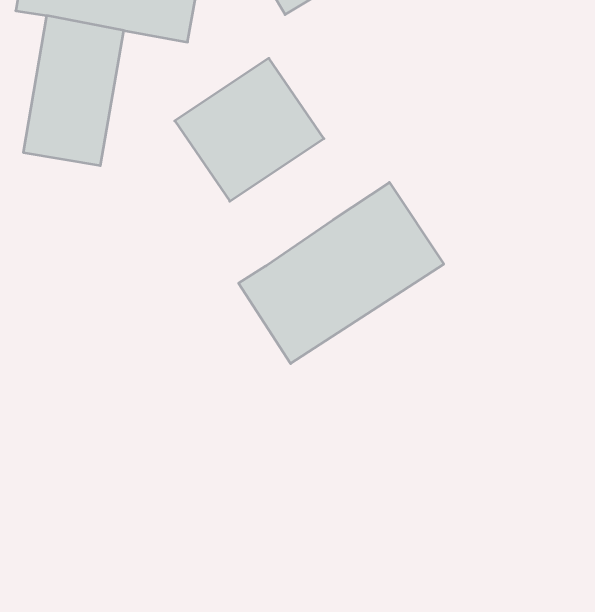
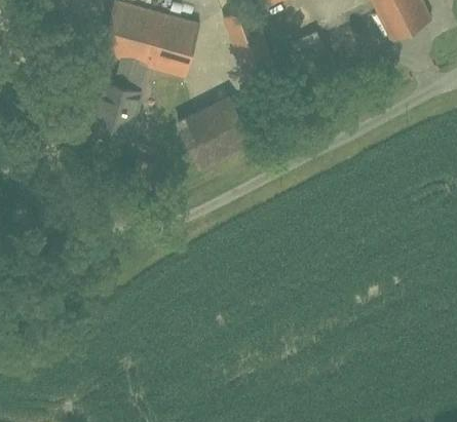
building: [239,182,444,364] -> none

